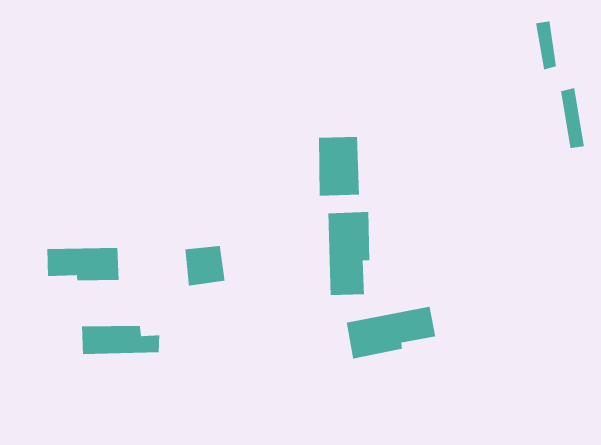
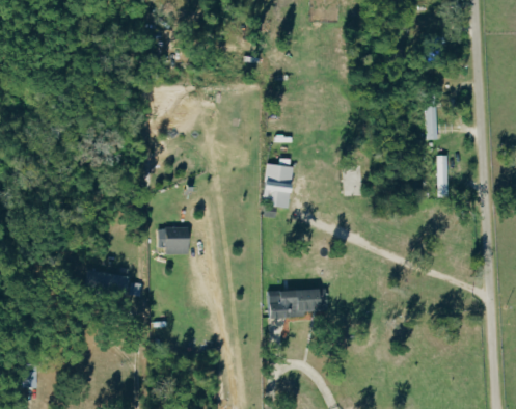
building: [328,211,370,296] -> none
building: [46,247,119,281] -> none

